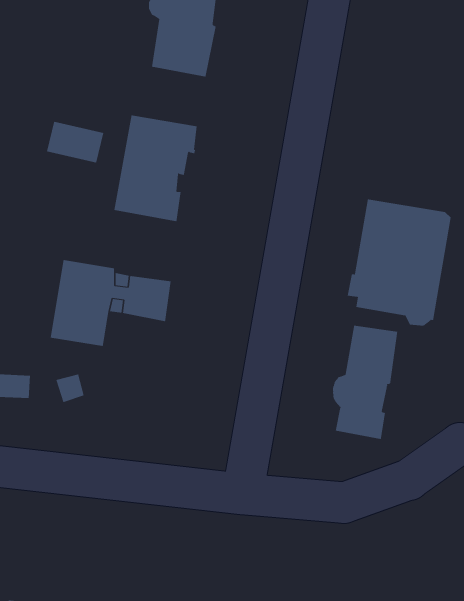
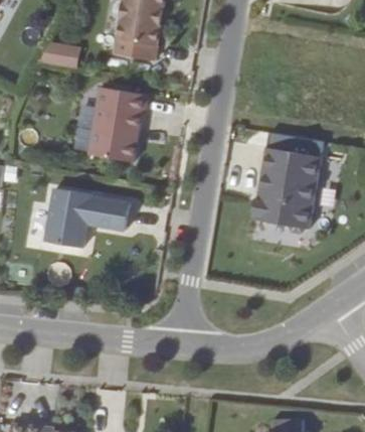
building: [46,121,104,163] -> [41,42,81,71]
building: [332,325,398,440] -> none

